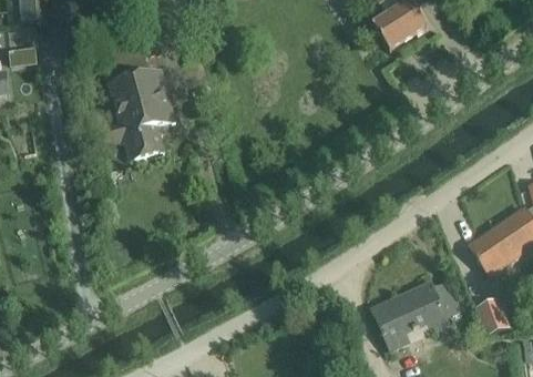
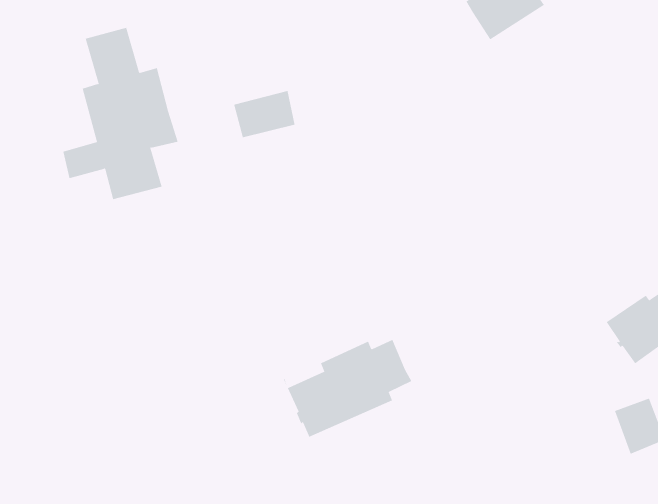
building: none -> [233,90,295,138]
building: [371,281,460,348] -> [283,339,412,437]

